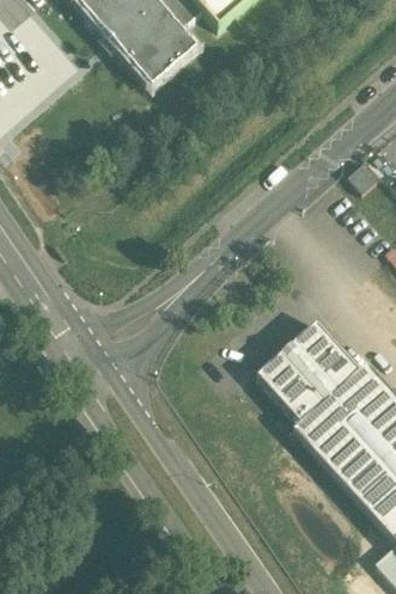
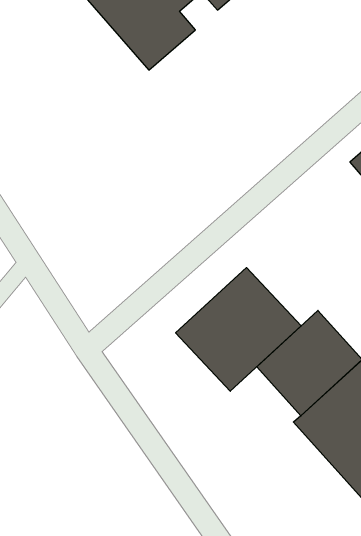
building: none -> [176,268,301,391]

